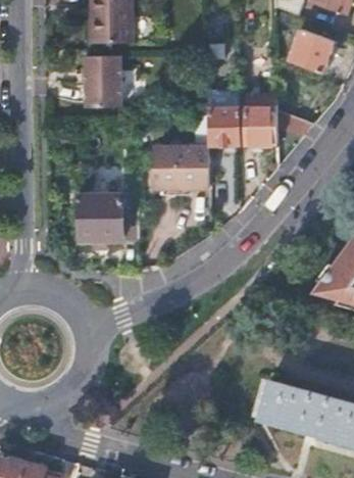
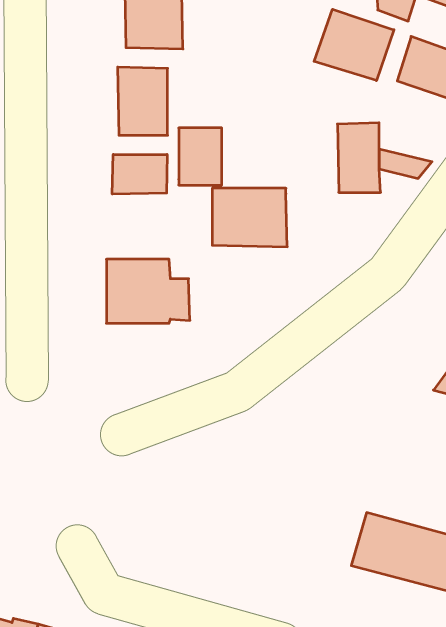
building: none -> [314,9,394,81]
building: [210,105,242,147] -> [179,128,222,185]
building: none -> [112,154,167,194]

